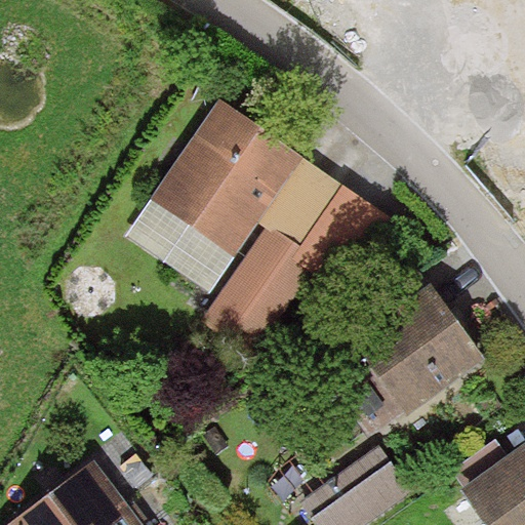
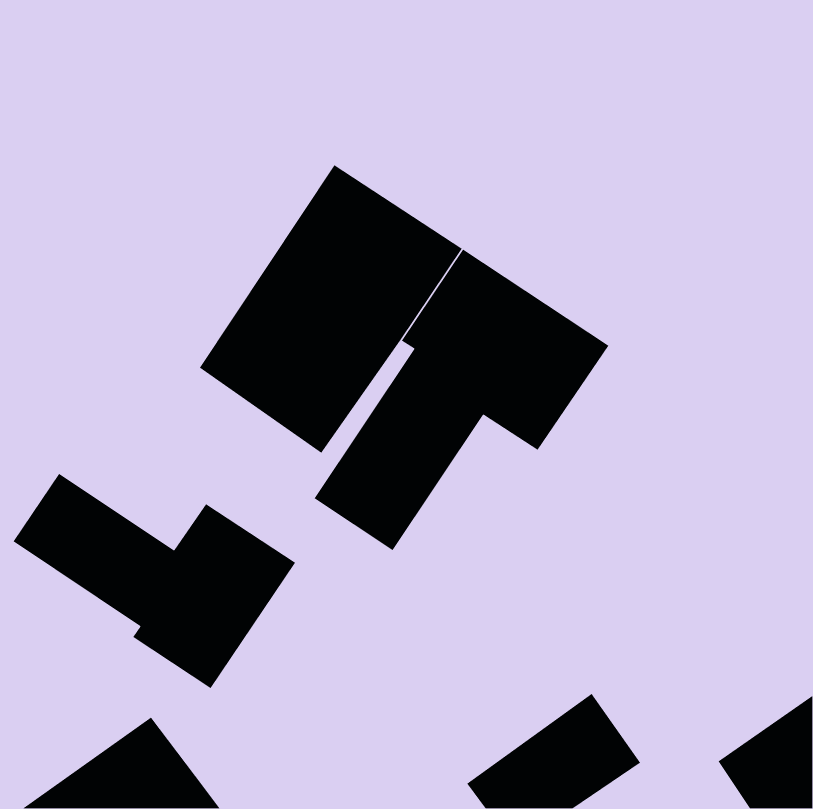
building: [338,286,486,434] -> none
building: none -> [12,473,296,689]

